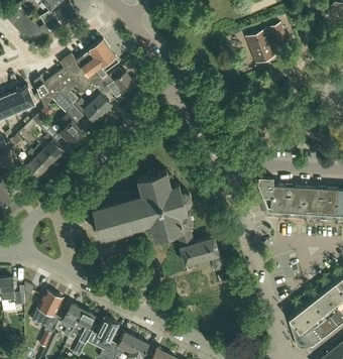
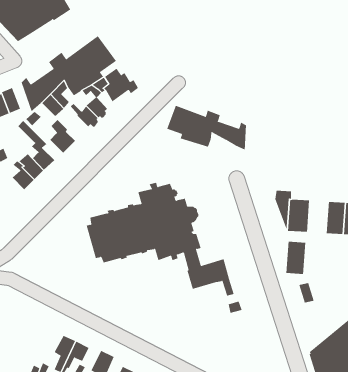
building: [245,24,285,64] -> none
building: none -> [166,104,247,151]
building: [288,186,306,215] -> [286,241,306,274]
building: [33,290,63,328] -> none

